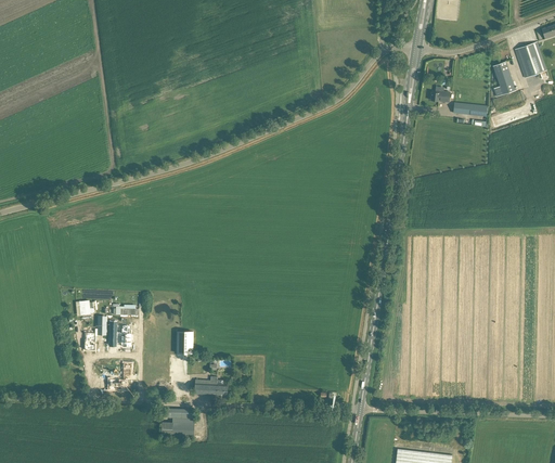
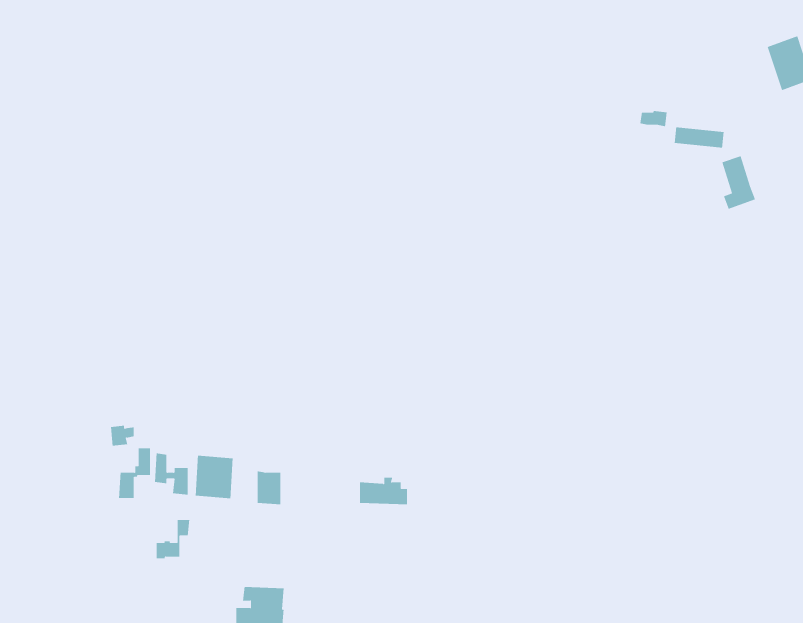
building: [492,61,515,97] -> [722,156,756,209]
building: none -> [195,455,233,499]
building: [194,376,227,395] -> [359,477,408,505]

